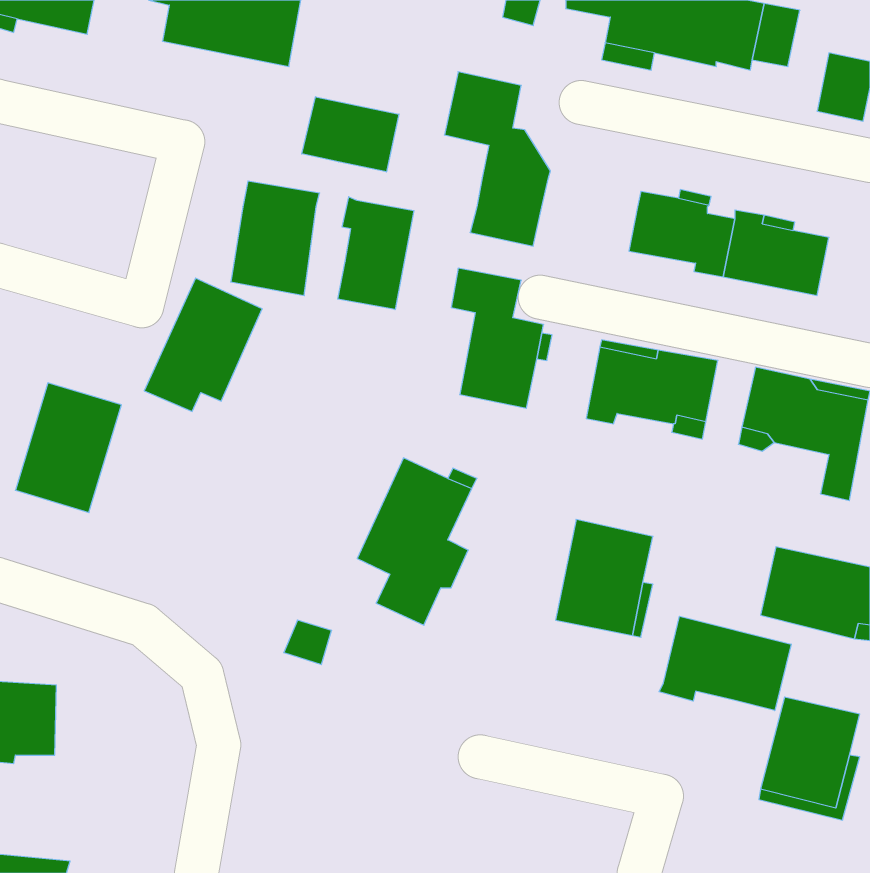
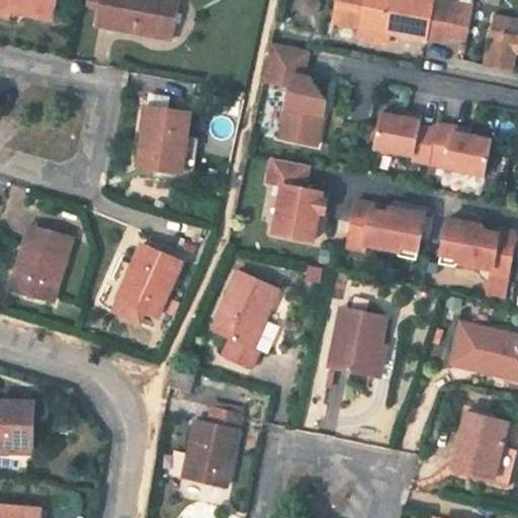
building: [302,97,399,172] -> none
building: [338,197,414,310] -> none
building: [144,278,262,411] -> [111,245,181,324]
building: [659,616,791,711] -> none
building: none -> [183,409,241,487]

